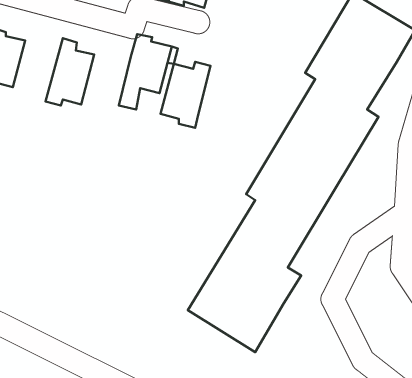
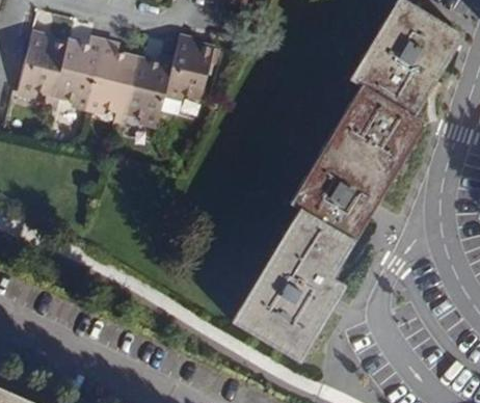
building: none -> [53,38,104,107]
building: [160,62,210,128] -> [123,57,174,125]

